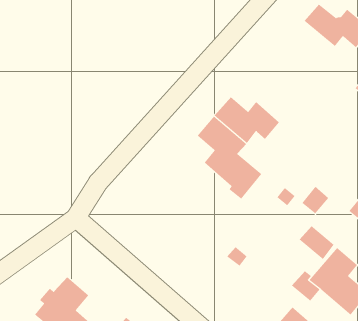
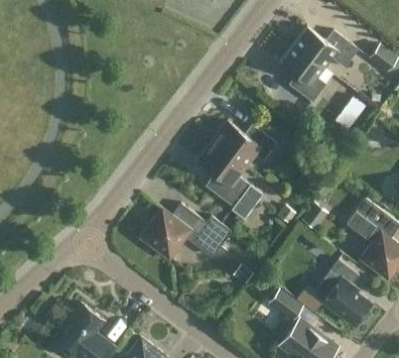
building: none -> [280,44,326,102]
building: none -> [141,204,231,258]
building: [299,226,335,260] -> [268,288,302,321]

